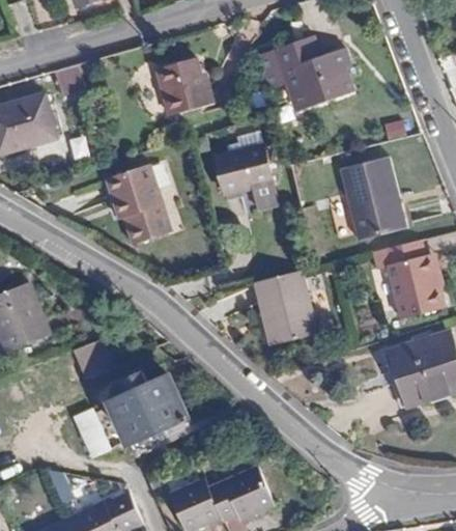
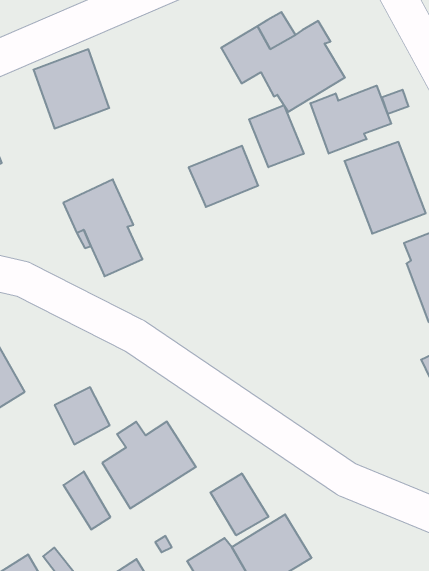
building: [152,54,212,117] -> [33,49,109,128]
building: none -> [310,86,391,154]
building: none -> [249,105,304,167]
building: [257,269,320,343] -> none
building: none -> [210,473,268,535]

